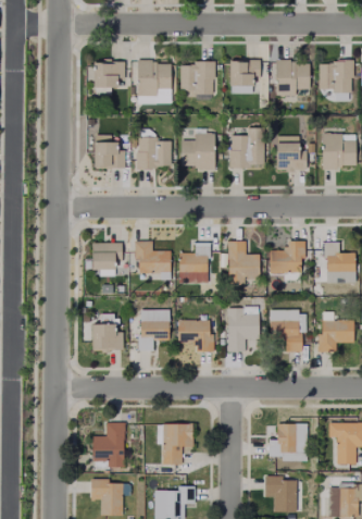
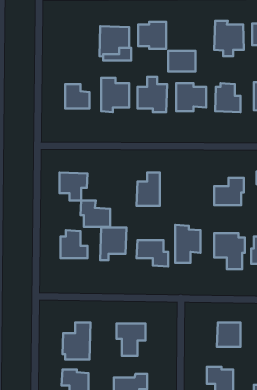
building: [228,60,261,85] -> [168,51,195,72]
building: [90,61,124,95] -> none
building: [134,242,170,273] -> [80,201,110,227]
building: [227,242,261,285] -> none

